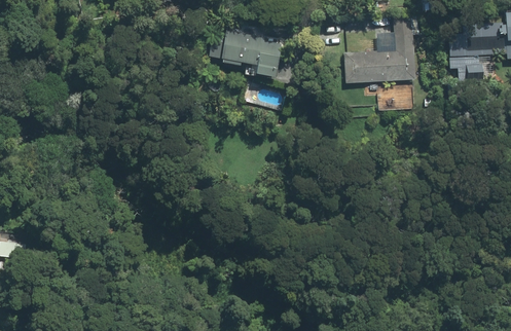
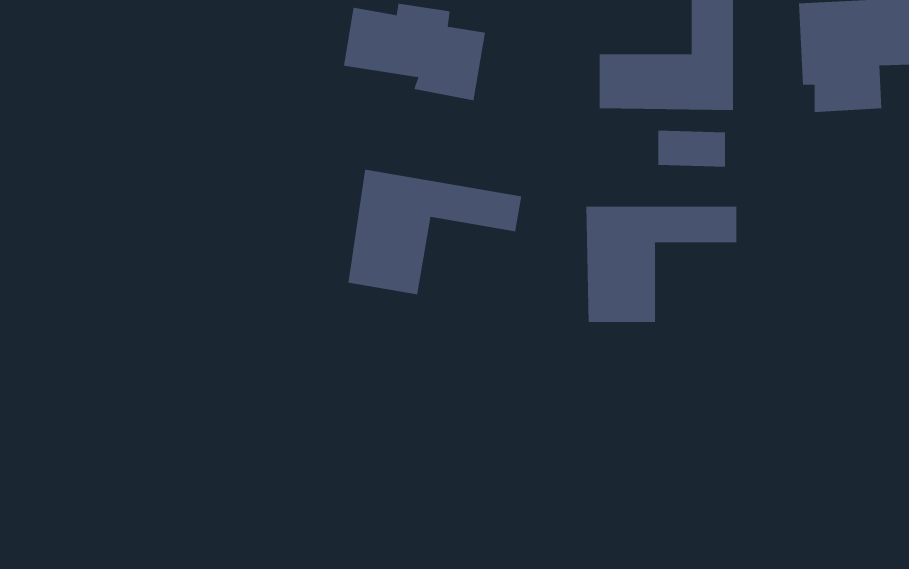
building: none -> [348,169,522,295]
building: none -> [586,206,737,323]

